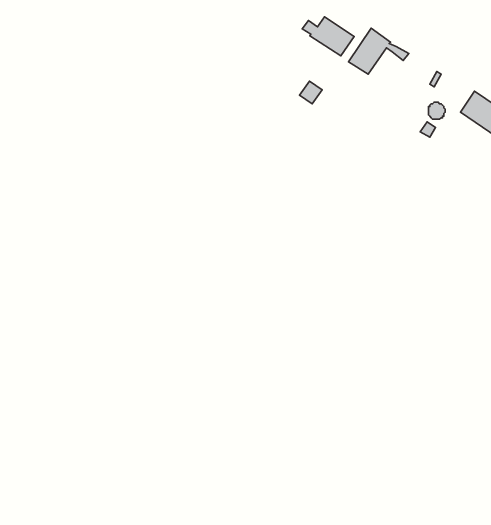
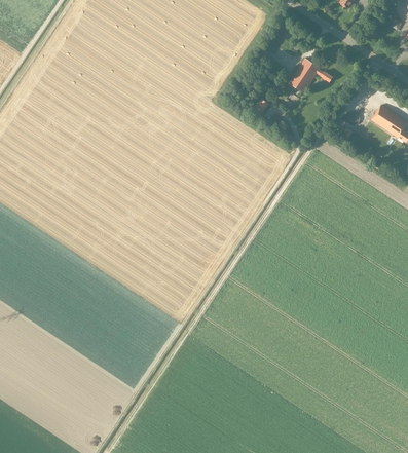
building: [302,17,354,56] -> none

